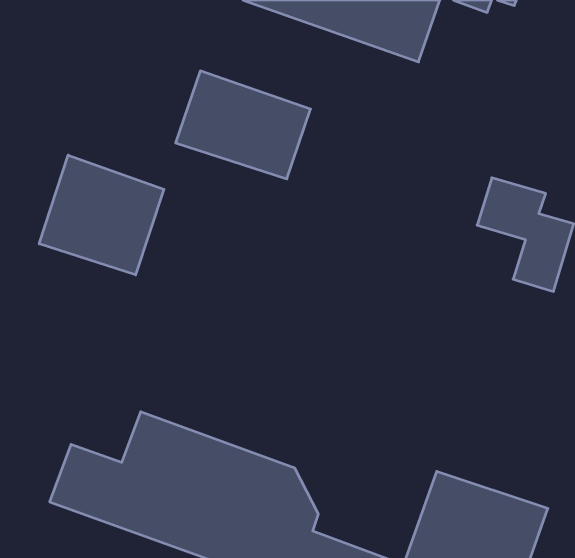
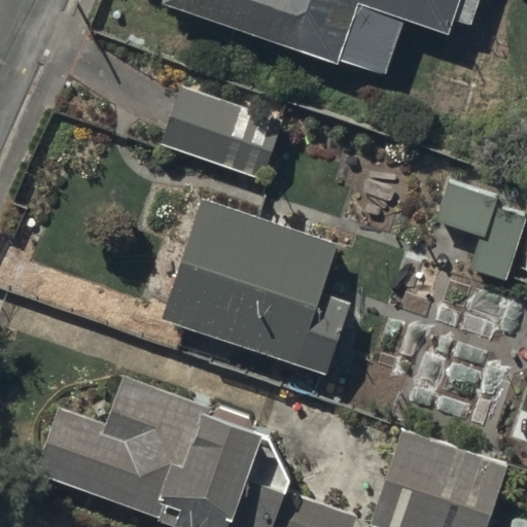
building: [39,155,164,275] -> none
building: none -> [160,194,350,372]

